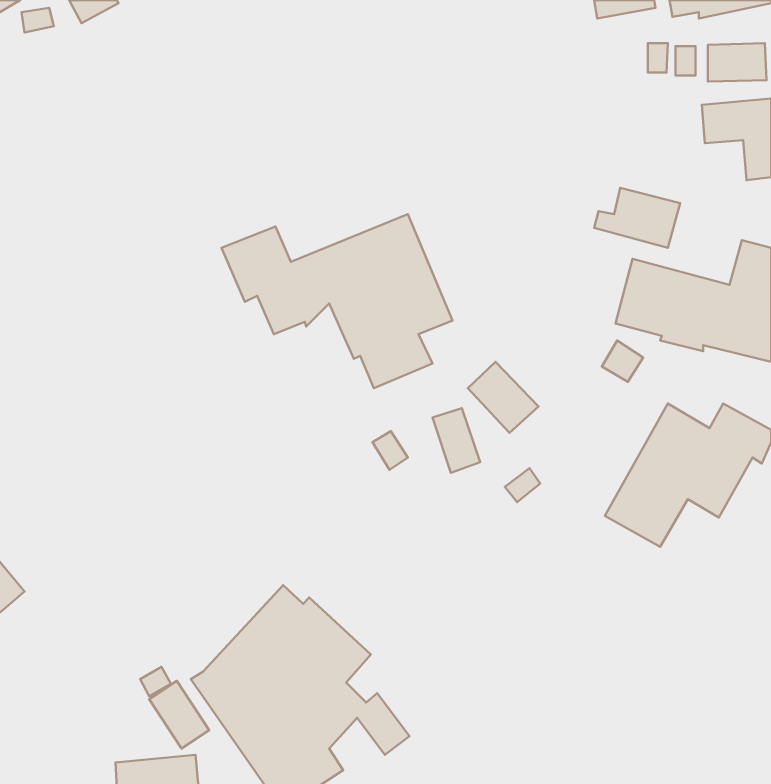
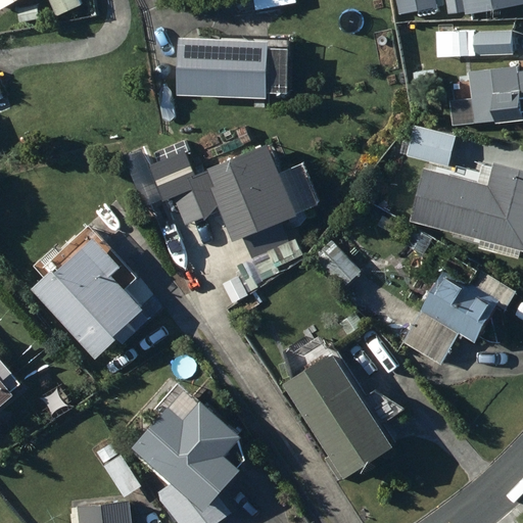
building: none -> [176,38,290,96]
building: none -> [35,237,148,358]
building: none -> [287,352,397,480]

